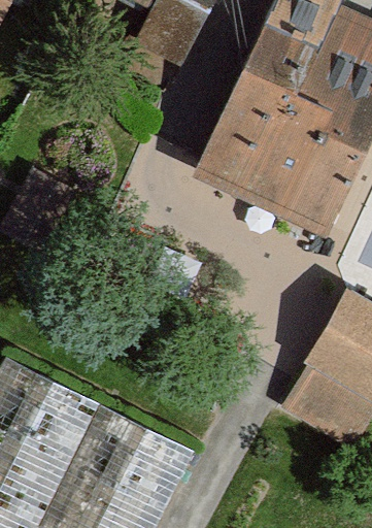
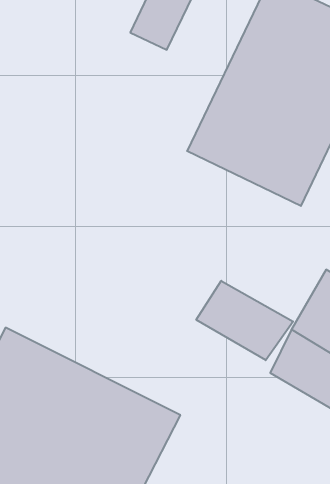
building: none -> [196,281,293,360]

